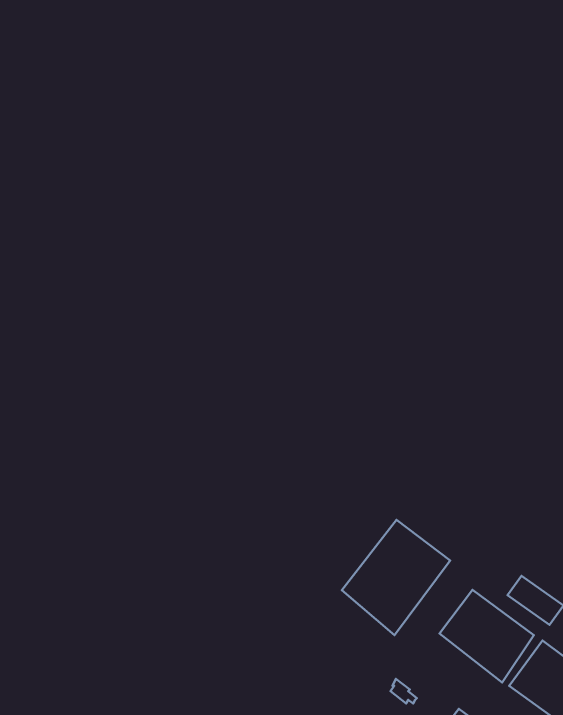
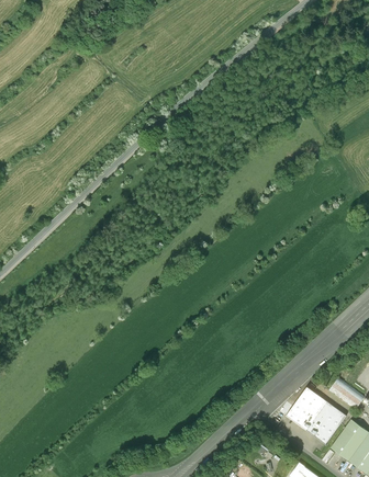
building: [342,520,450,635] -> none

